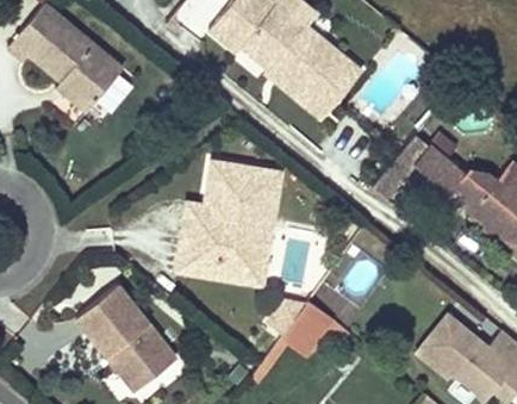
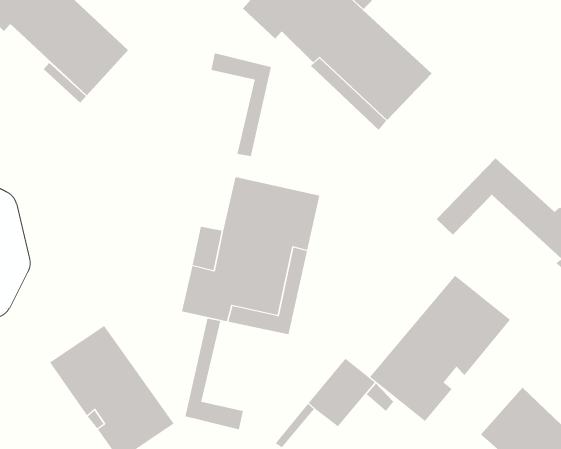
building: none -> [211,53,272,157]
building: none -> [369,275,511,422]
building: none -> [185,318,243,430]

